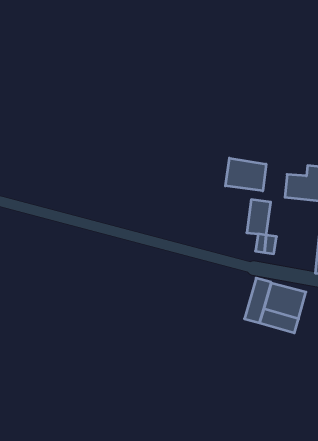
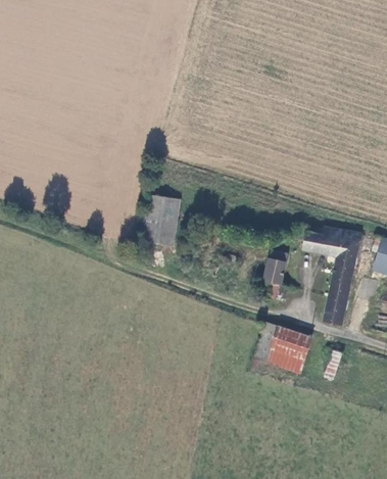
building: none -> [141,194,180,247]
building: [225,158,266,191] -> none

